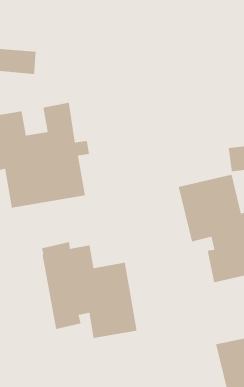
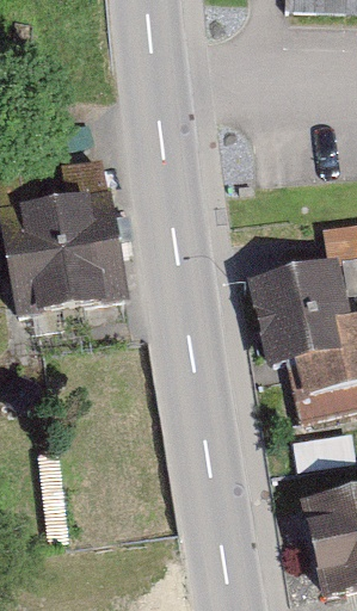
building: [41,241,137,339] -> none

